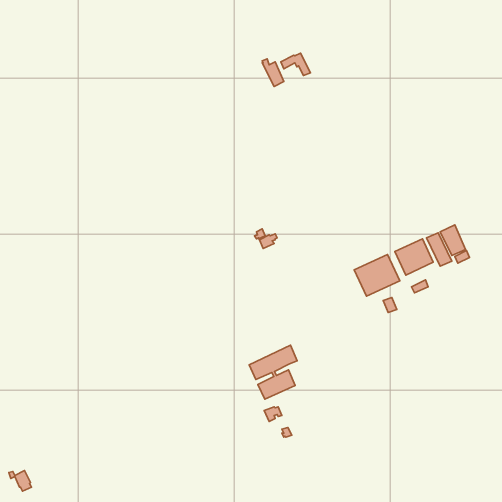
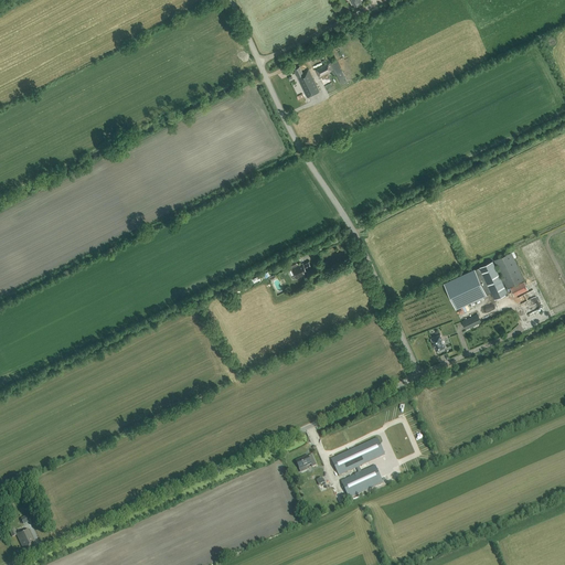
building: [354,254,400,296] -> none
building: [249,345,297,399] -> [331,438,385,499]

